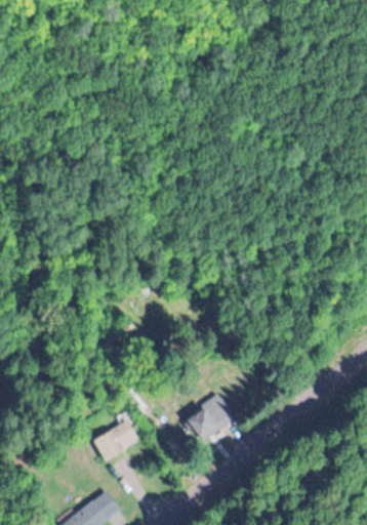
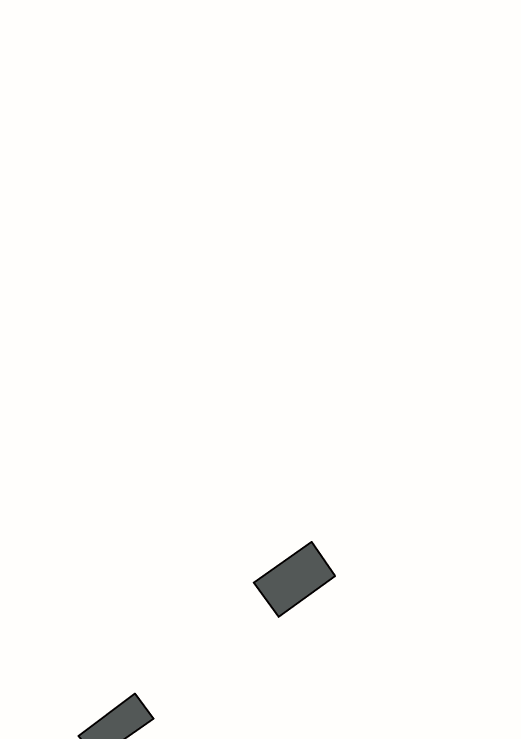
building: [93,420,136,459] -> none

